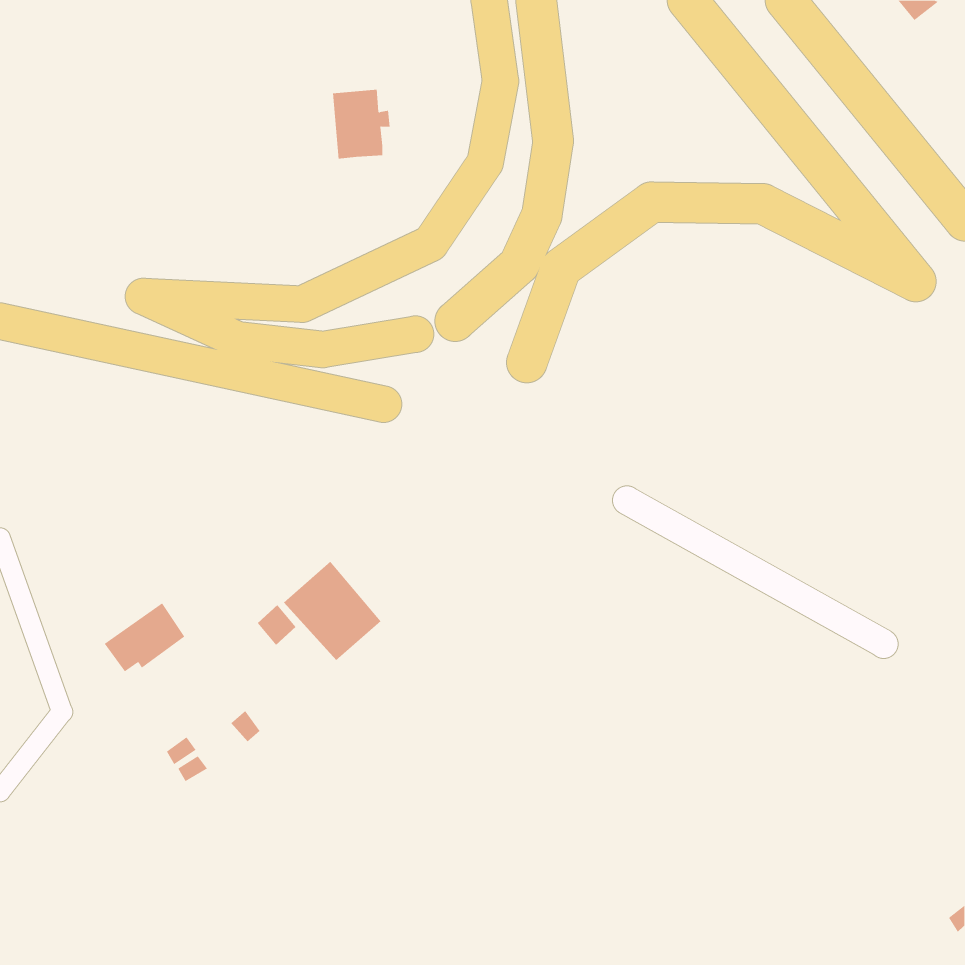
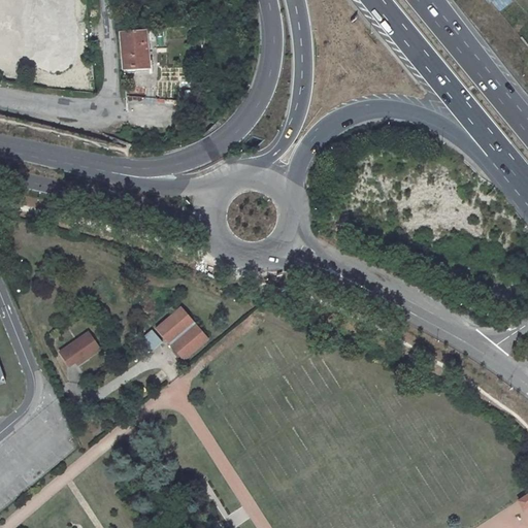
building: [332,89,391,159] -> [121,30,153,68]

